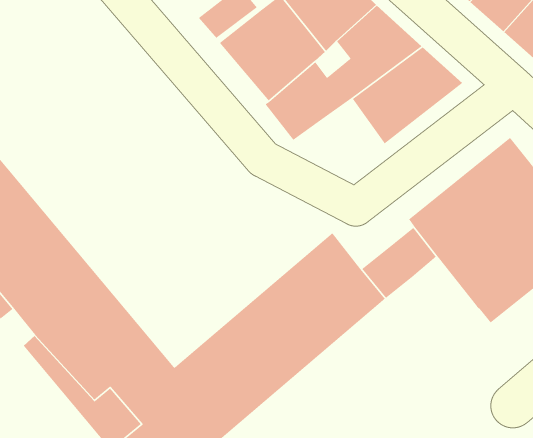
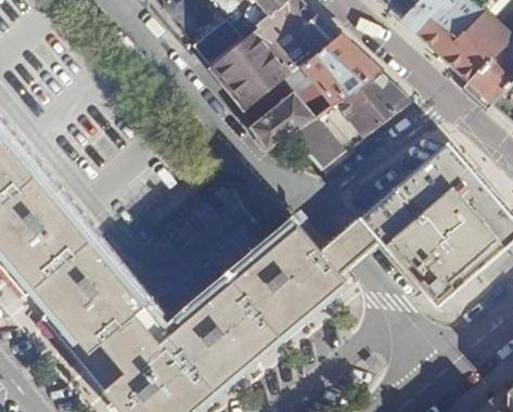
building: none -> [291,112,344,168]

